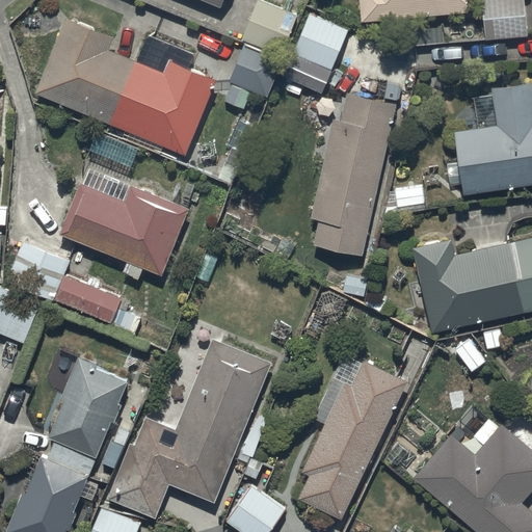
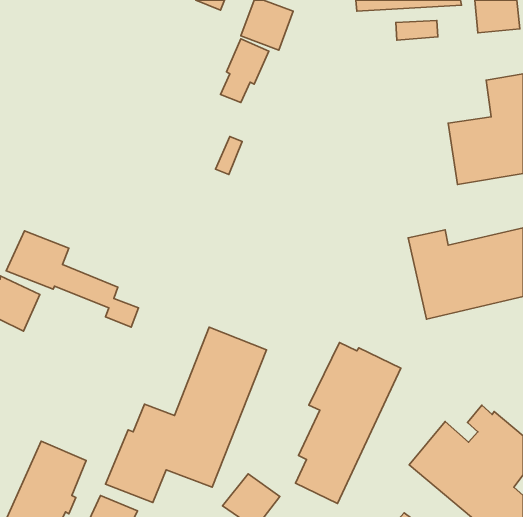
building: [294,16,346,70] -> none
building: [38,30,218,166] -> none
building: [312,92,395,254] -> none
building: [61,168,188,280] -> none
building: [49,356,128,455] -> none

